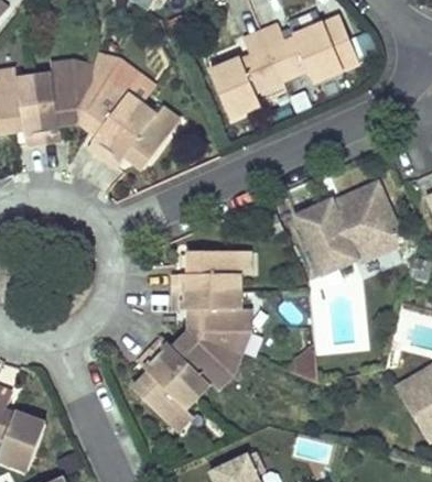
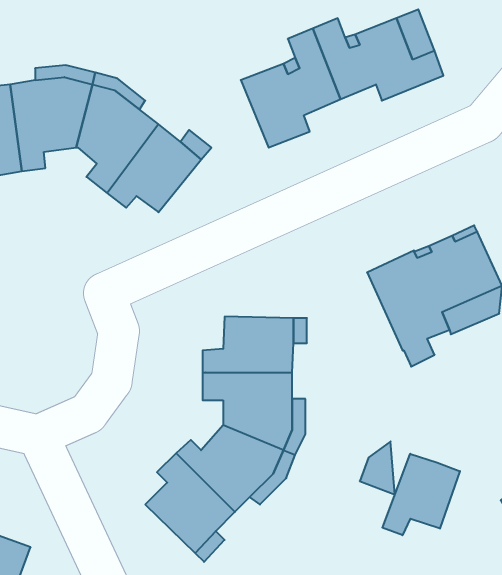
building: none -> [382,454,460,535]

